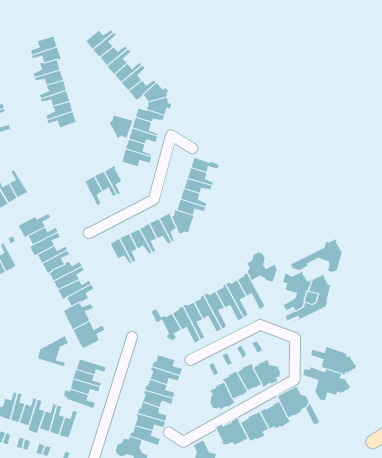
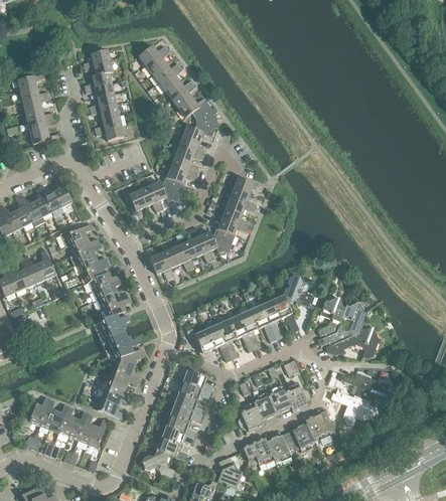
building: [109,114,134,141] -> [159,176,184,203]
building: [290,239,342,273] -> [325,325,378,358]
building: [37,335,69,367] -> [112,348,144,379]

